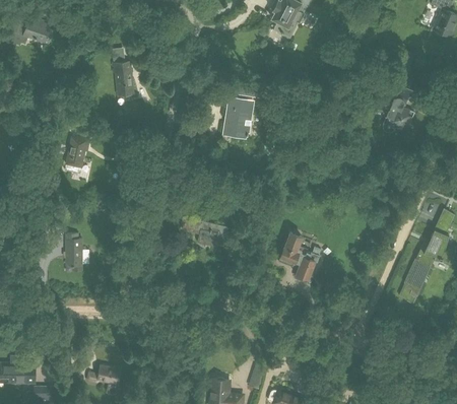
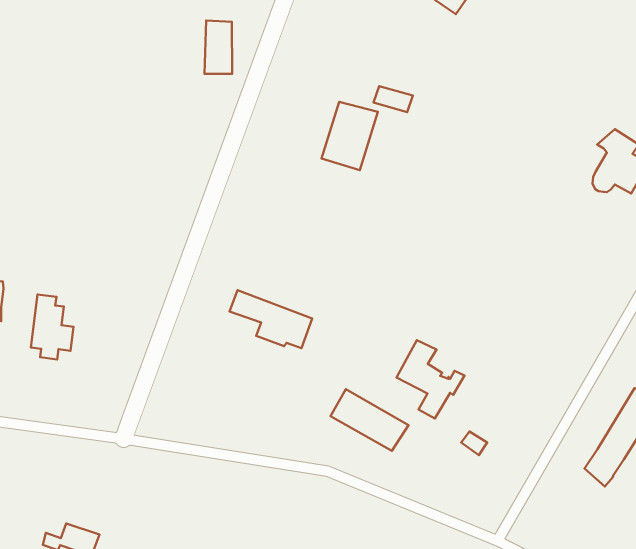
building: [113,62,132,94] -> [205,20,232,74]
building: [63,136,88,172] -> none
building: none -> [330,389,409,451]

